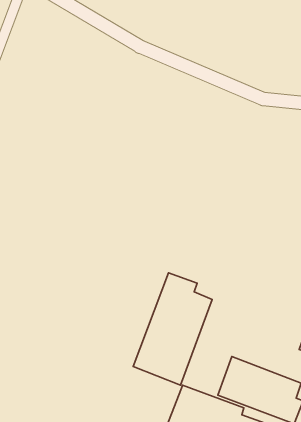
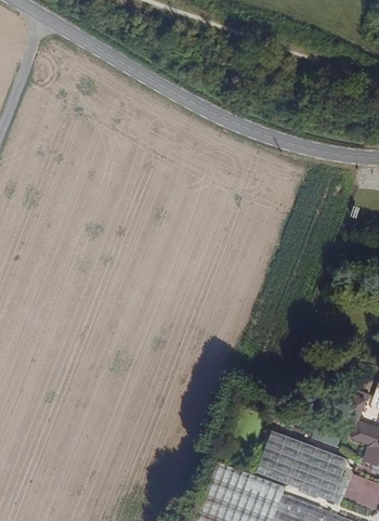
building: [133,273,212,385] -> none

